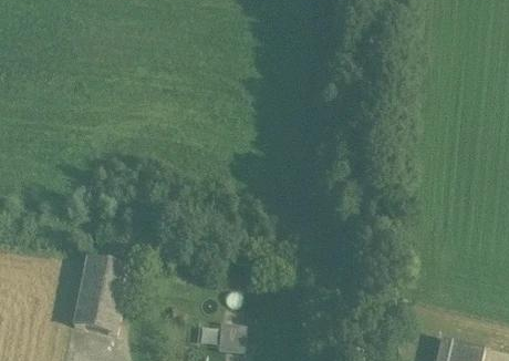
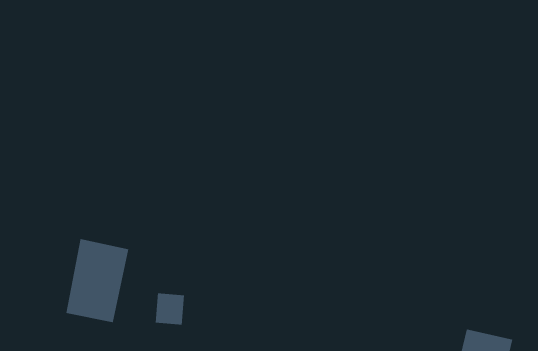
building: [218,321,246,351] -> [155,293,185,325]

